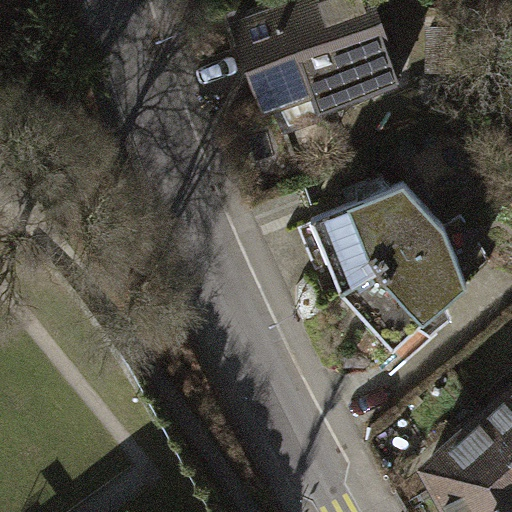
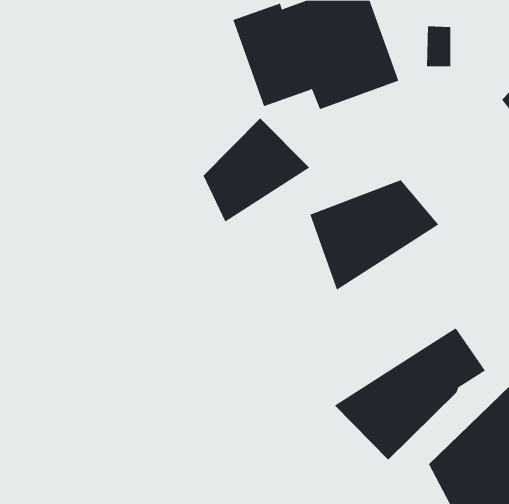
building: none -> [203,118,310,222]
building: [338,219,490,352] -> [334,328,486,460]

